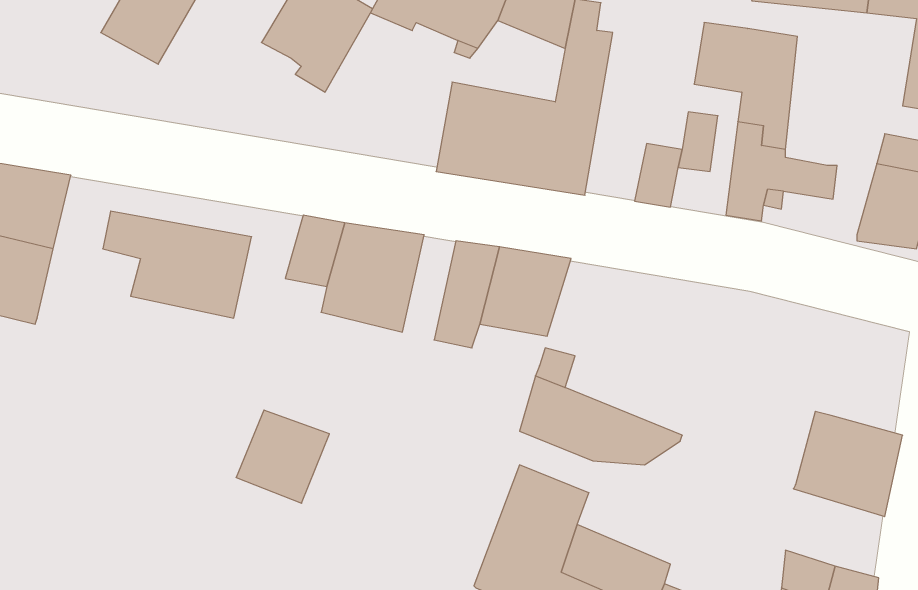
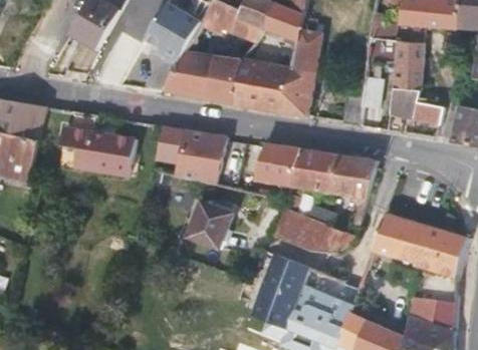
building: none -> [162,52,241,104]
building: none -> [289,148,379,226]
building: none -> [372,214,425,263]
building: [236,410,329,503] -> [188,202,235,249]

